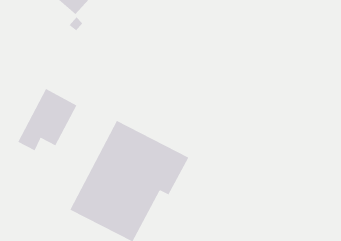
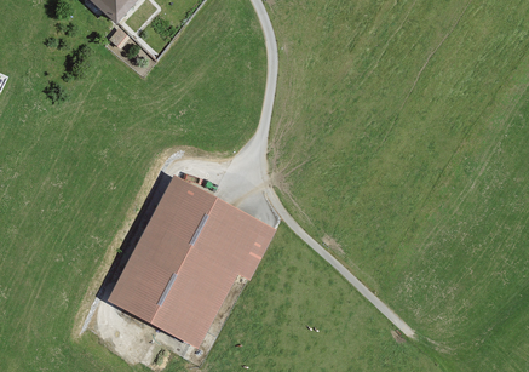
building: [17,88,77,151] -> none

